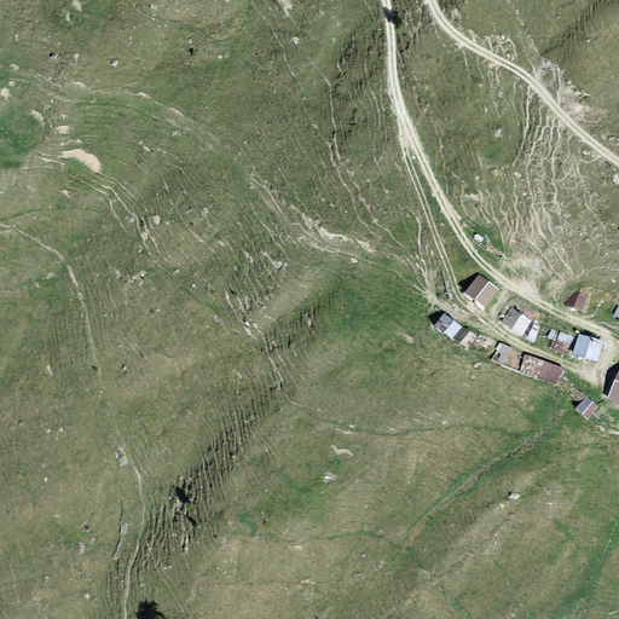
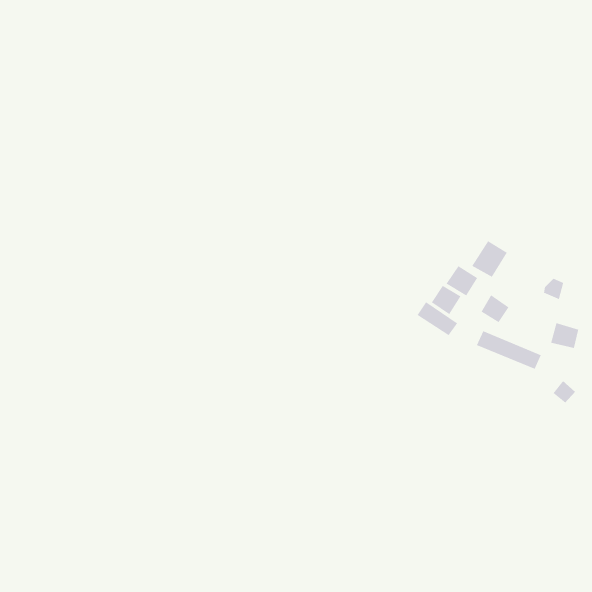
building: none -> [471,240,508,278]
building: none -> [431,285,462,315]

